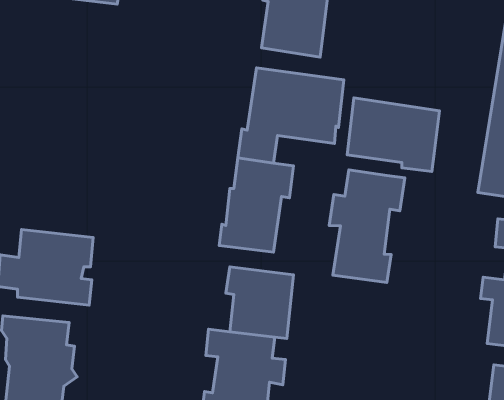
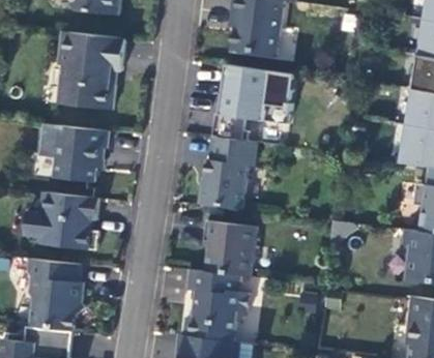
building: none -> [58,31,124,110]
building: [347,98,440,171] -> none
building: none -> [38,124,108,182]
building: [329,170,405,283] -> none

